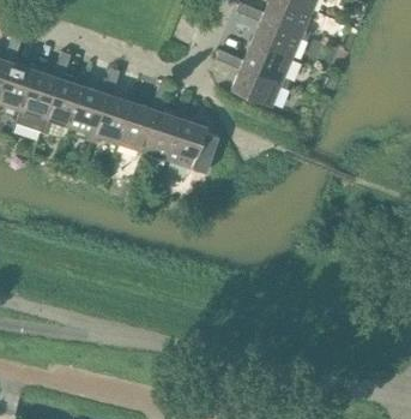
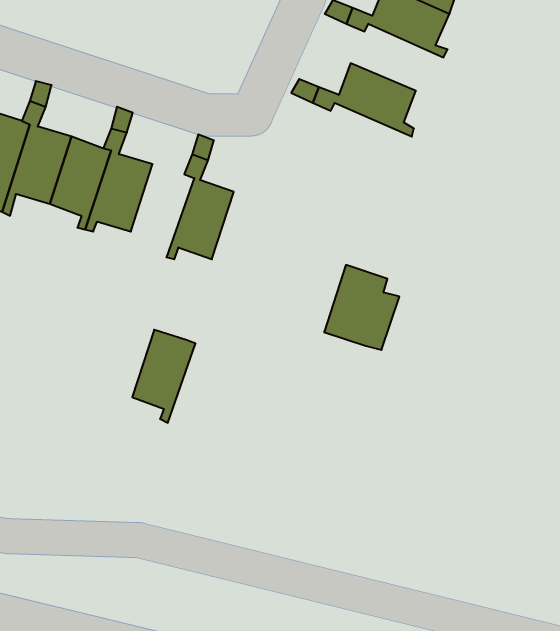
building: [252,17,308,58] -> none
building: [231,65,289,107] -> none
building: [119,102,157,158] -> [132,330,196,423]
building: [168,119,213,170] -> [324,265,399,350]

